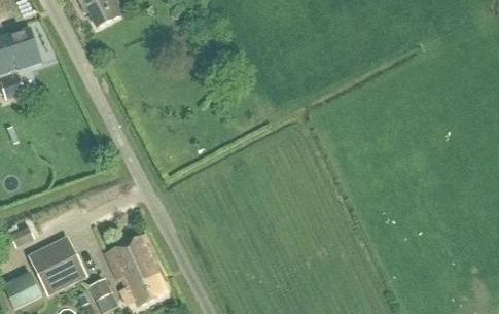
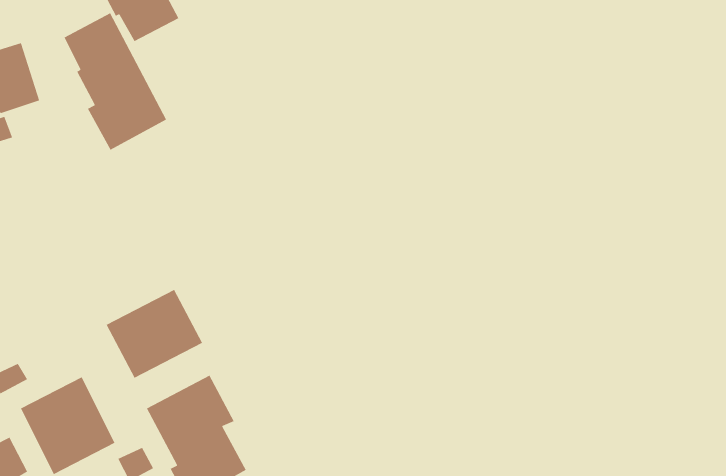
building: none -> [64,12,167,151]
building: none -> [105,289,203,379]

